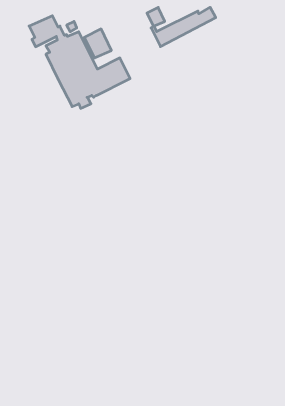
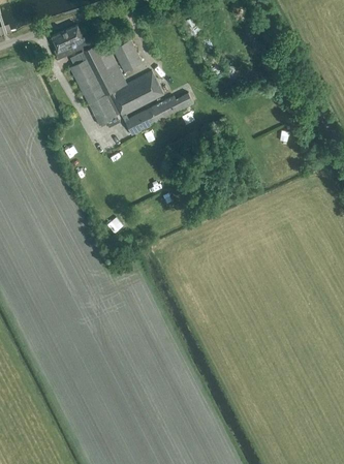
building: [151,7,216,47] -> [122,91,193,134]

